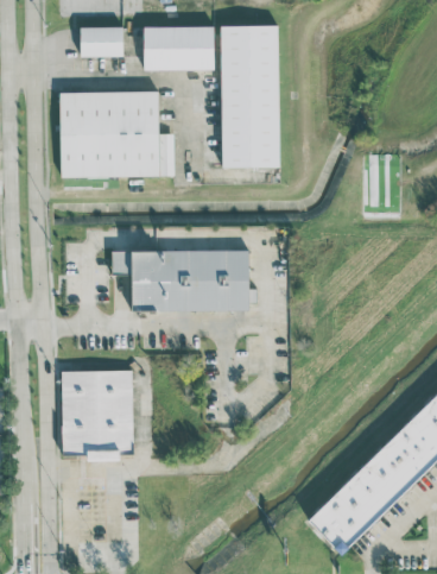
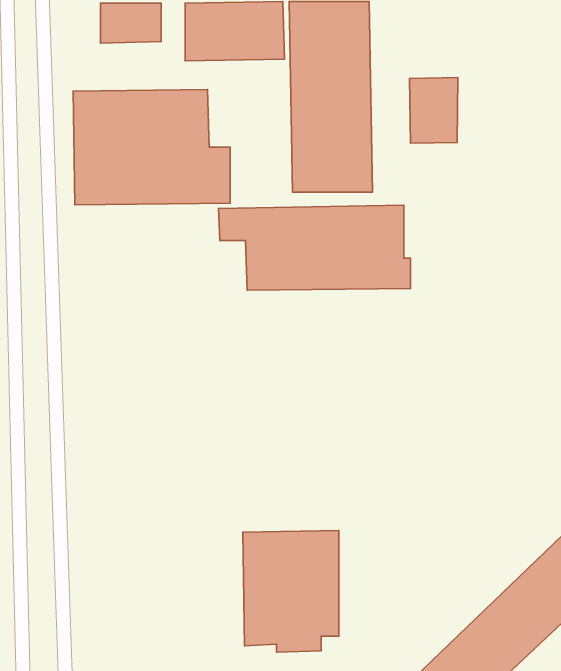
building: none -> [410,78,458,143]
building: [110,248,253,311] -> [218,205,410,290]
building: [61,370,132,460] -> [243,531,339,652]

